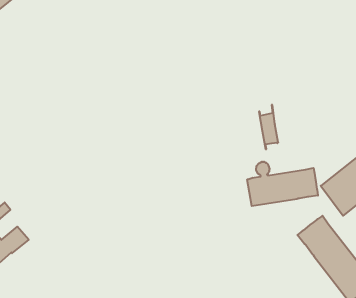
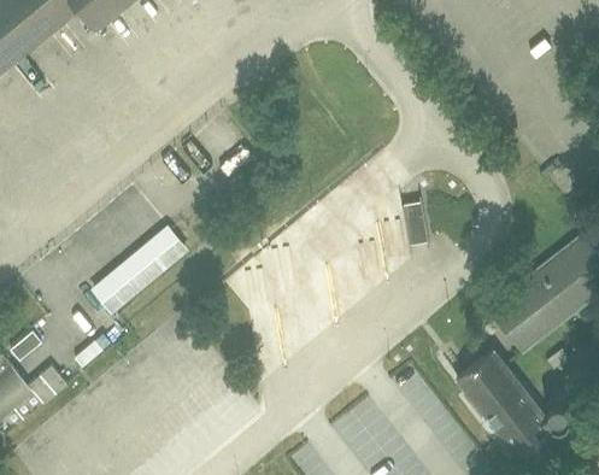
building: none -> [87,225,187,315]
building: [247,162,318,206] -> none

